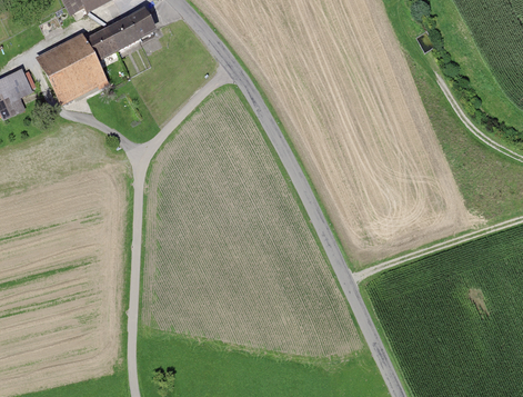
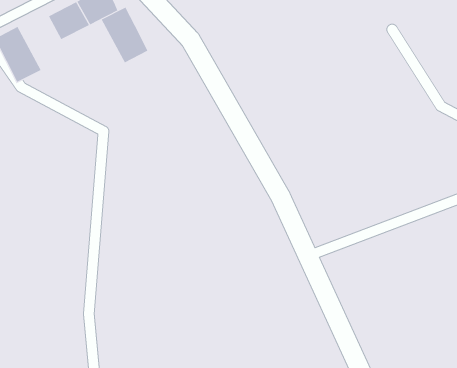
building: [59,36,105,91] -> [101,7,148,63]

